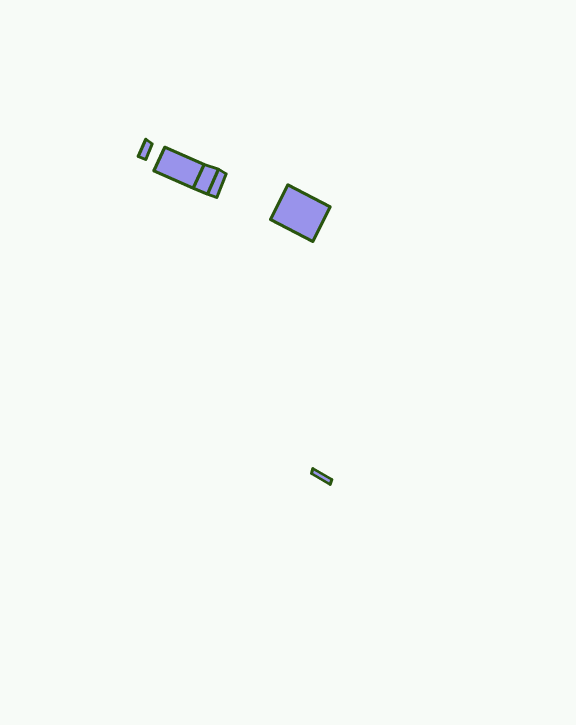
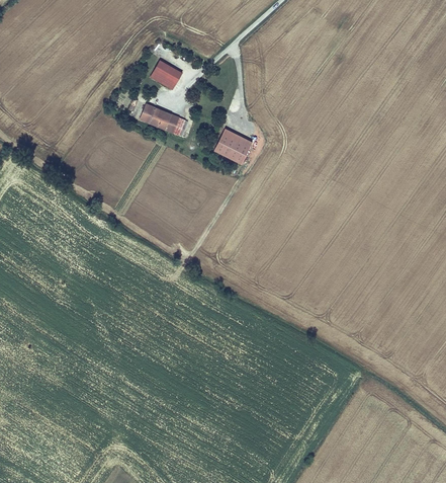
building: none -> [150,60,182,90]

